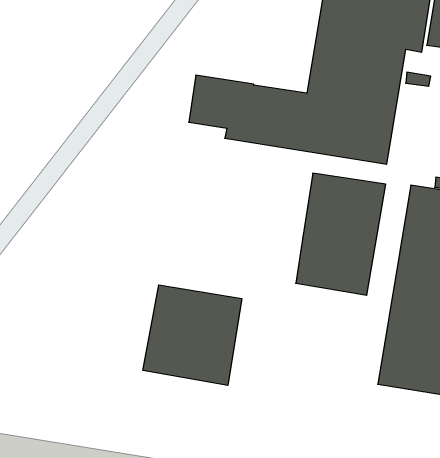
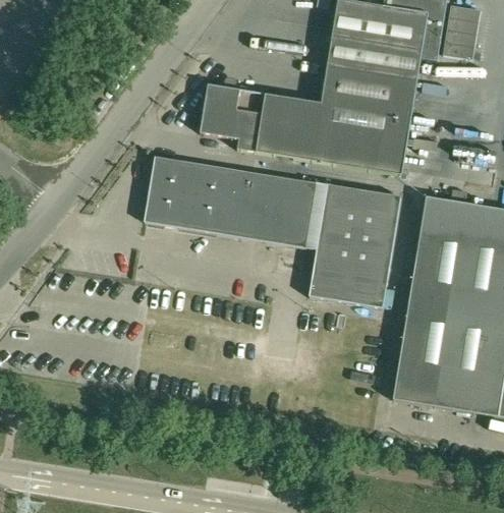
building: none -> [145,155,327,248]
building: [143,285,242,385] -> none

